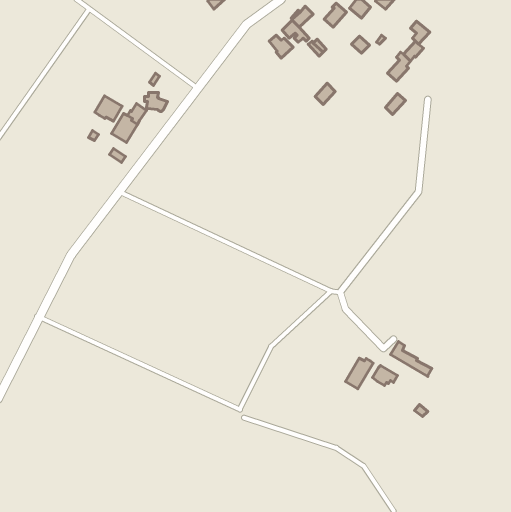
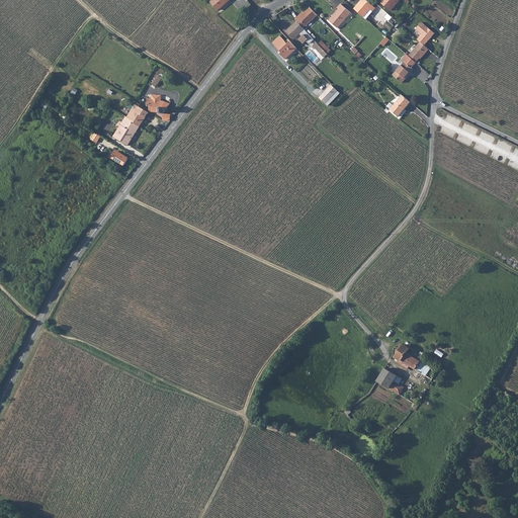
building: [95,96,122,121] -> none
building: [346,358,373,389] -> none

